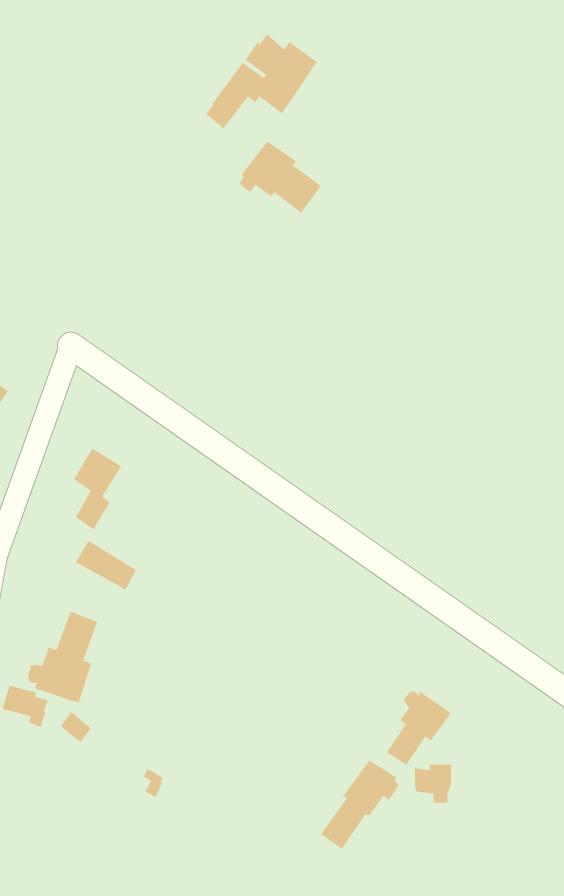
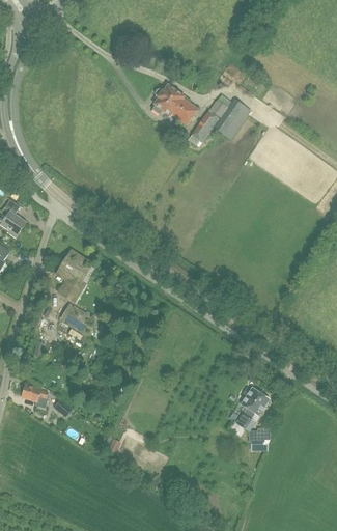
building: [205,34,318,130] -> [188,93,250,146]
building: [27,610,98,704] -> none
building: [320,759,400,850] -> none

